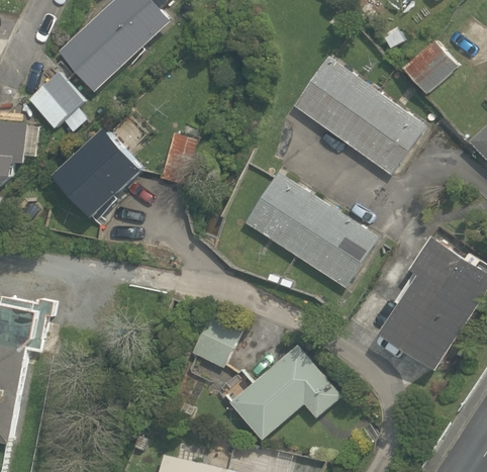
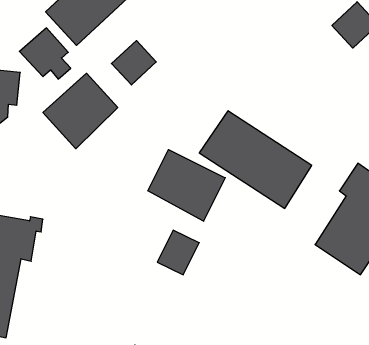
building: [293,56,425,176] -> none
building: none -> [111,41,156,85]
building: none -> [148,150,225,221]
building: [228,345,342,440] -> none

